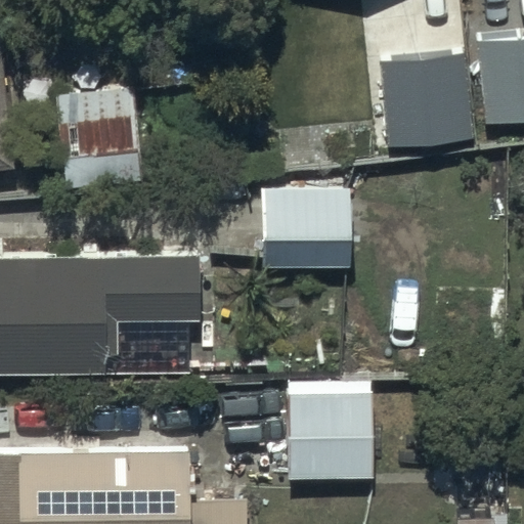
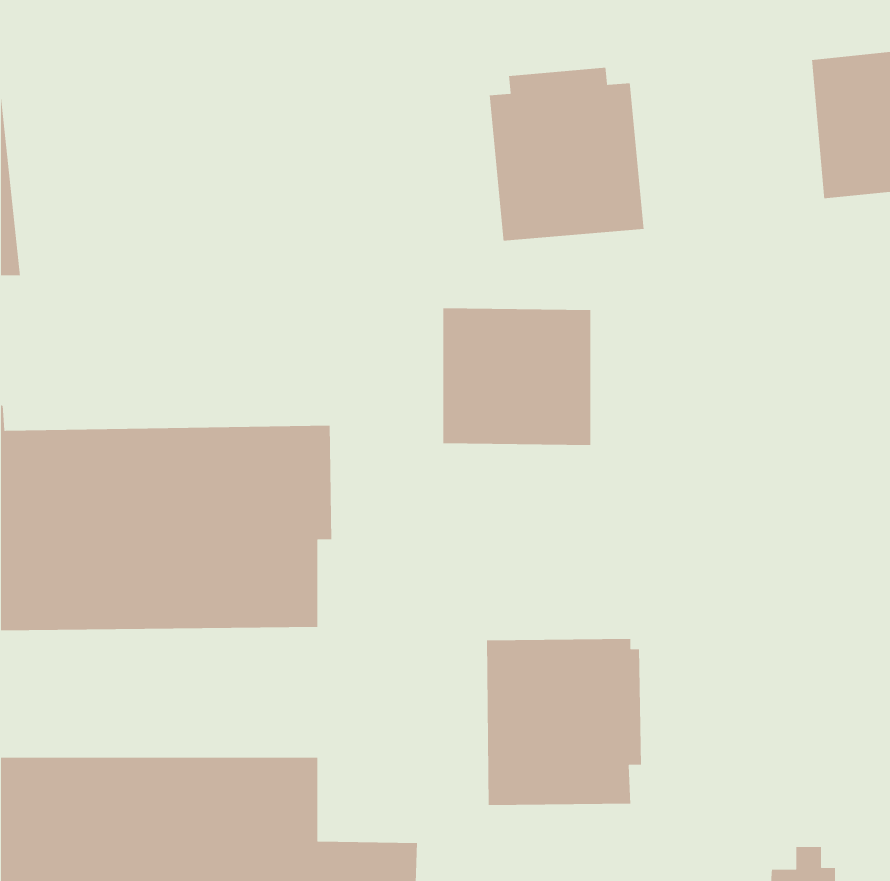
building: [380,46,471,148] -> [489,67,645,242]
building: [54,87,141,189] -> none

